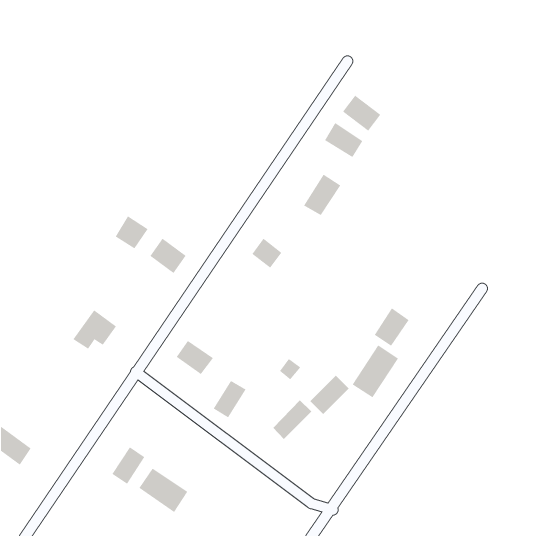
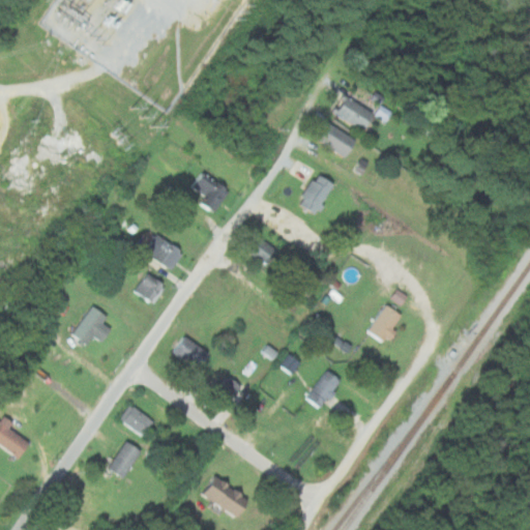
building: none -> [189,170,230,210]
building: [115,216,149,249] -> [134,272,167,305]
building: [352,345,399,398] -> none
building: [273,400,312,440] -> none
building: none -> [121,406,154,437]
building: [139,468,188,513] -> [203,475,252,520]

